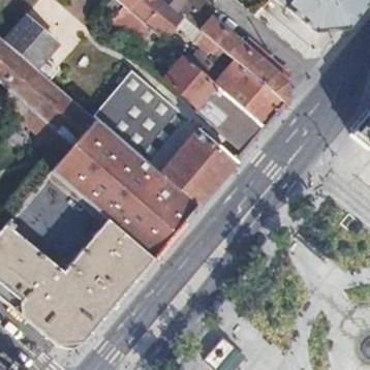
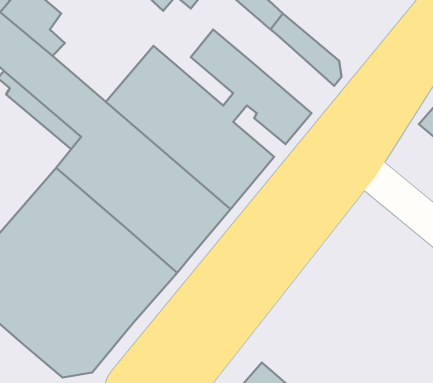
building: [216,59,283,124] -> none

